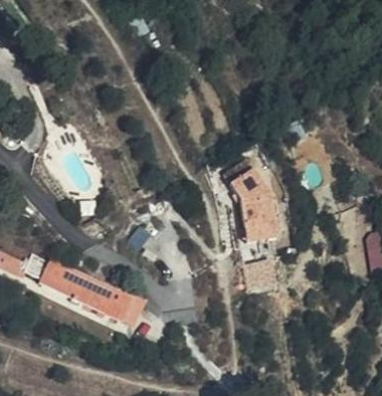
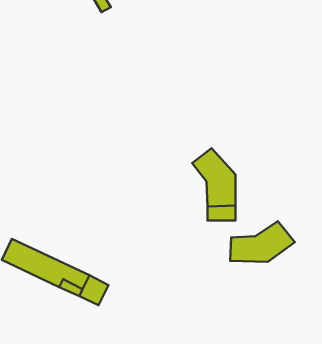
building: none -> [230,221,295,262]

